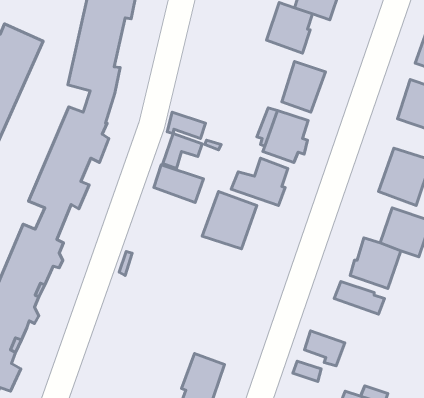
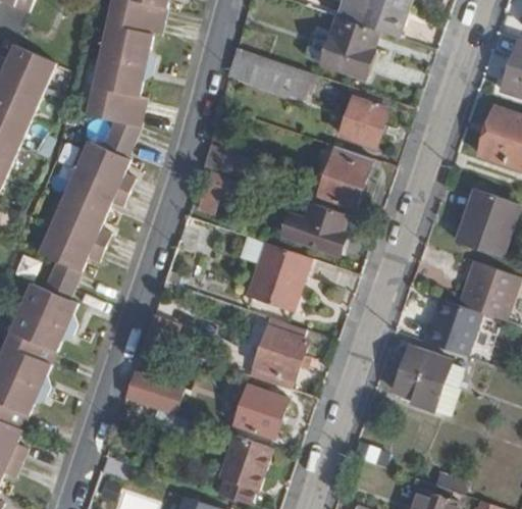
building: none -> [229,48,308,99]
building: [154,165,203,203] -> none
building: none -> [249,320,307,387]
building: none -> [125,371,182,414]
building: none -> [234,386,288,437]
building: [305,331,345,366] -> [395,369,442,411]

